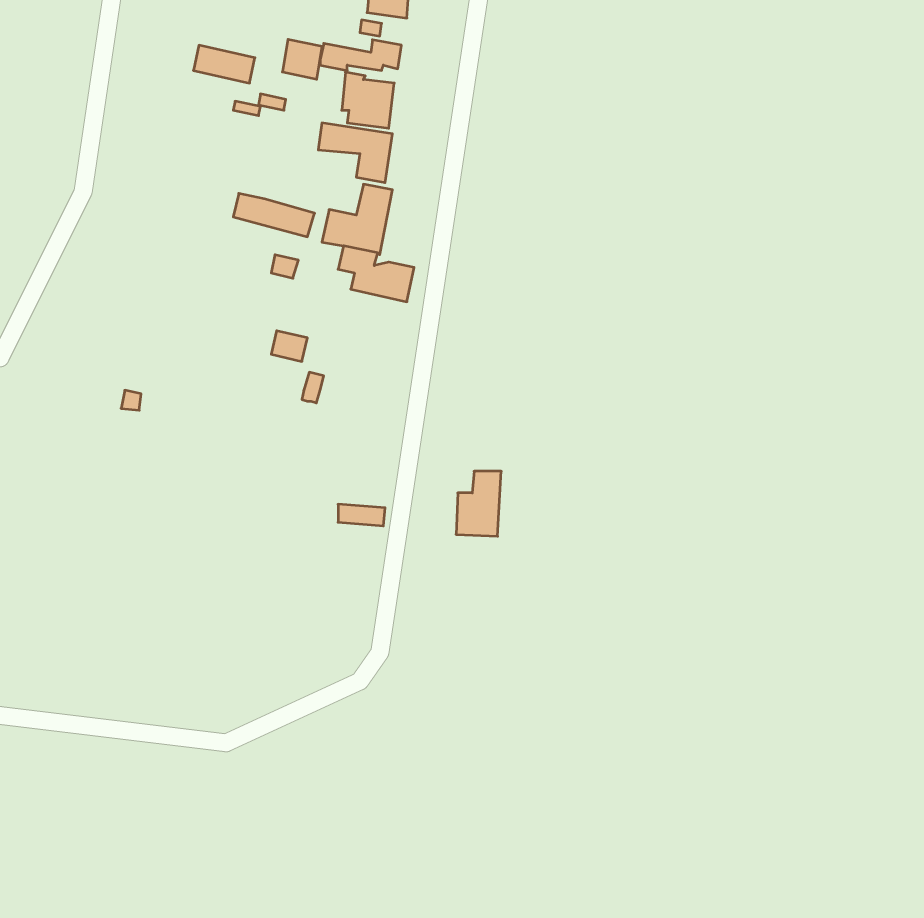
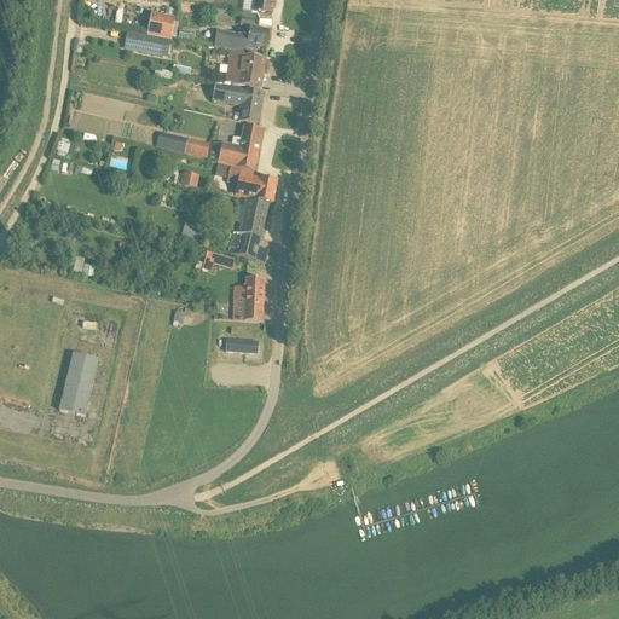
building: [282,39,322,79] -> [147,11,174,37]
building: none -> [227,196,268,261]
building: [456,471,501,536] -> [233,277,264,320]
building: none -> [60,352,98,415]

